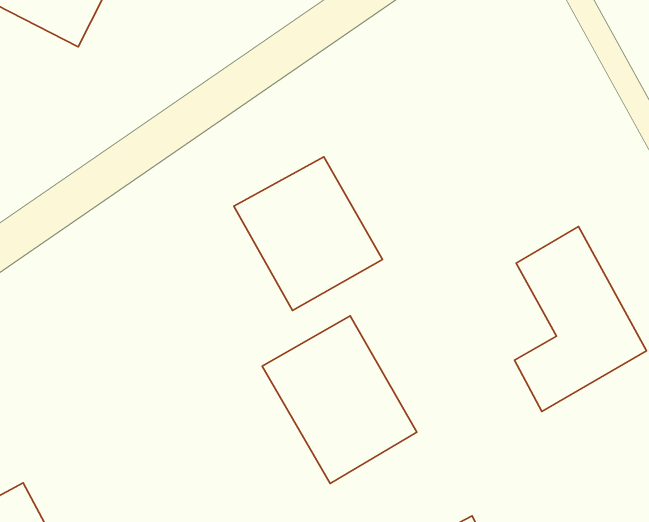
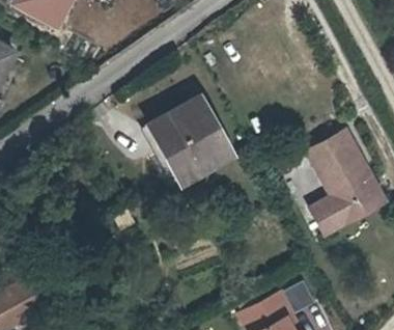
building: [262,316,417,484] -> none

